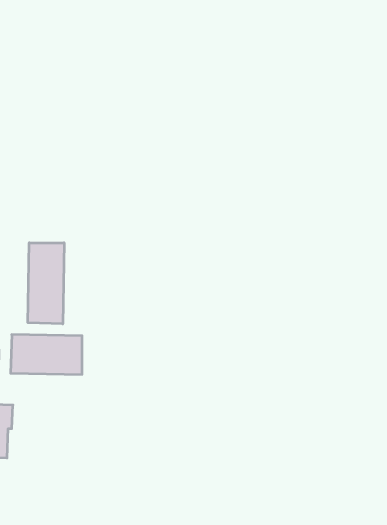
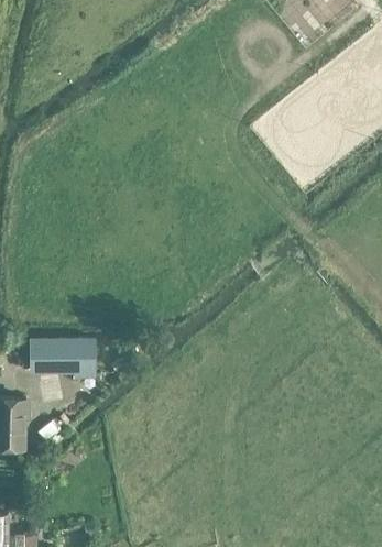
building: [28,243,64,324] -> none

